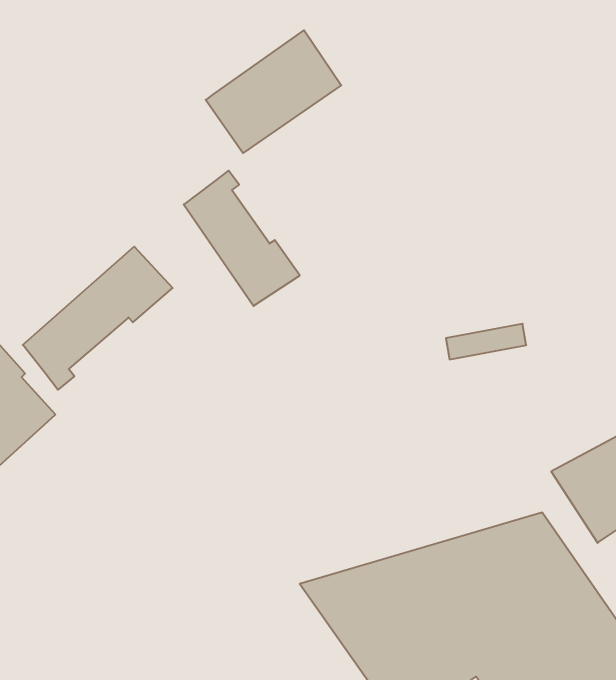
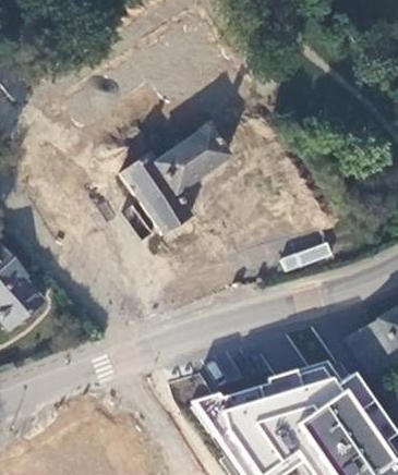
building: [206,30,341,153] -> [152,121,234,196]
building: [23,247,173,390] -> none

